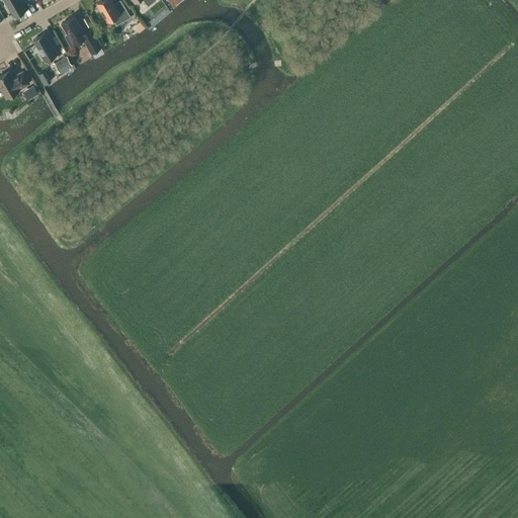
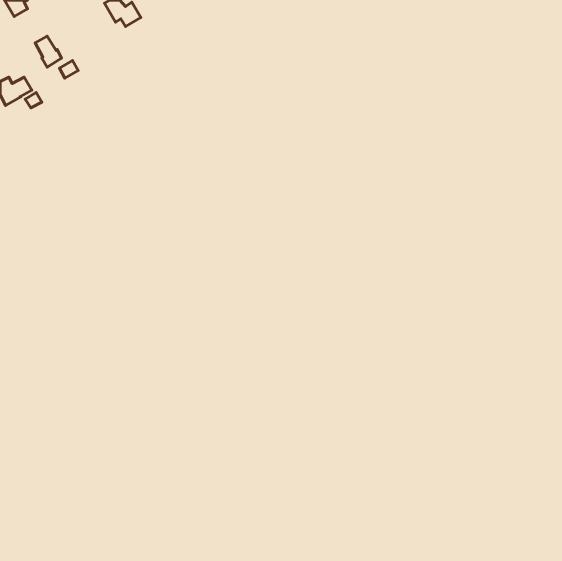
building: [61,17,100,53] -> none

